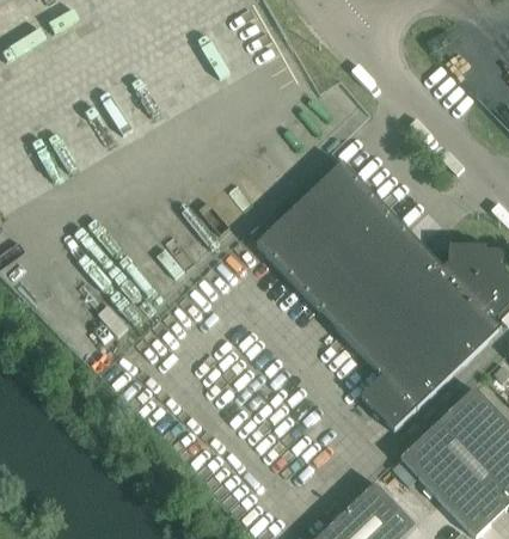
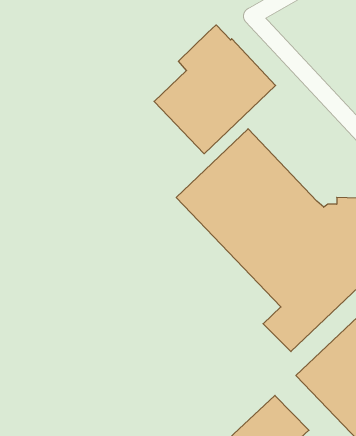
building: none -> [154,25,276,154]

